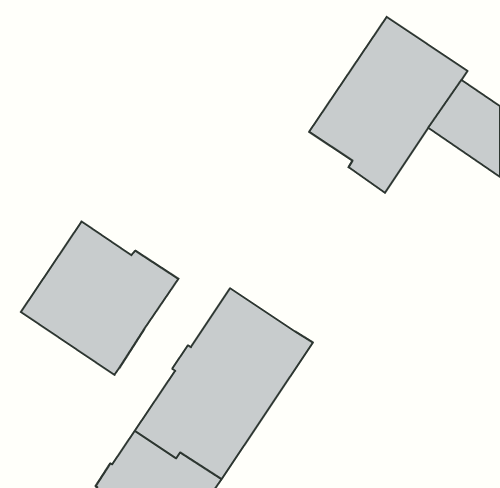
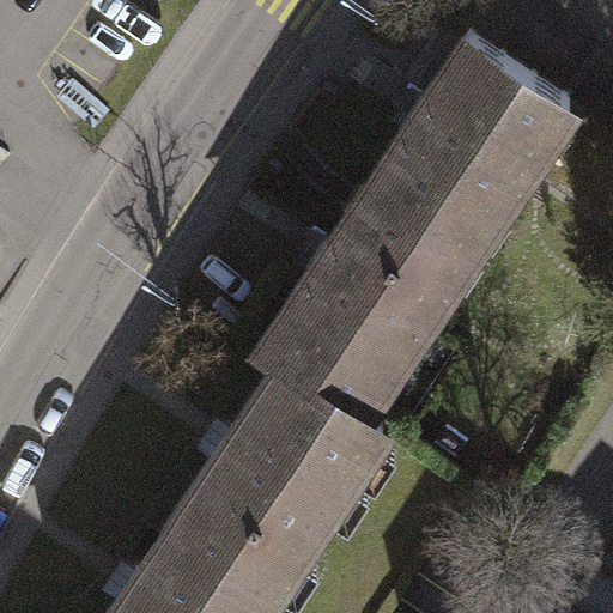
building: none -> [259,178,468,421]
building: [21,221,179,375] -> none

